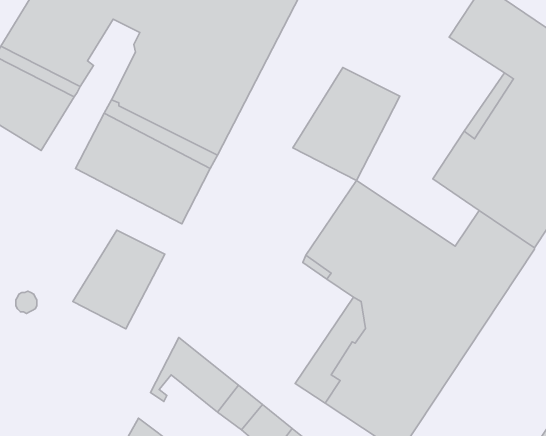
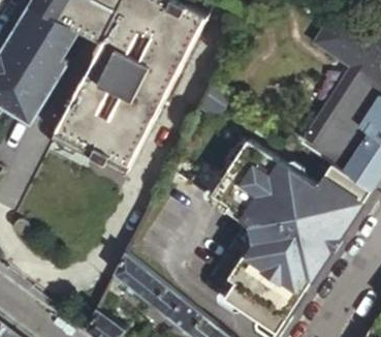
building: [293,68,400,180] -> none
building: [73,230,165,329] -> none

